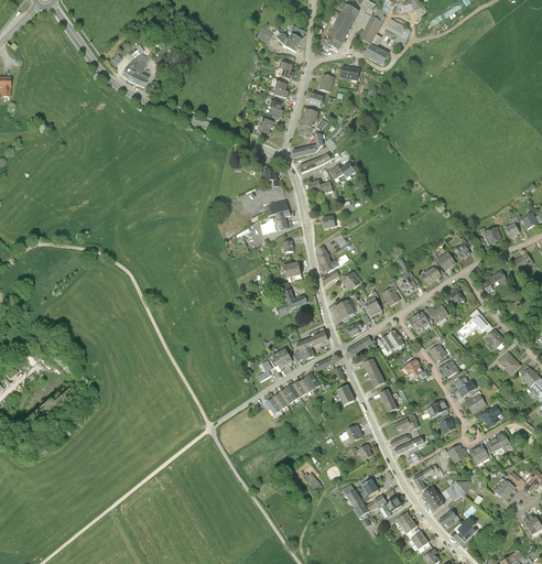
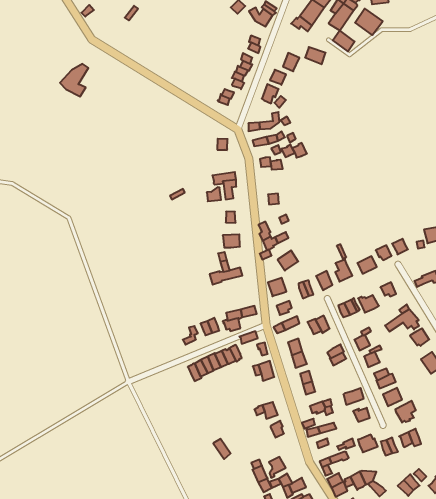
building: [121,53,148,86] -> [60,64,88,97]

